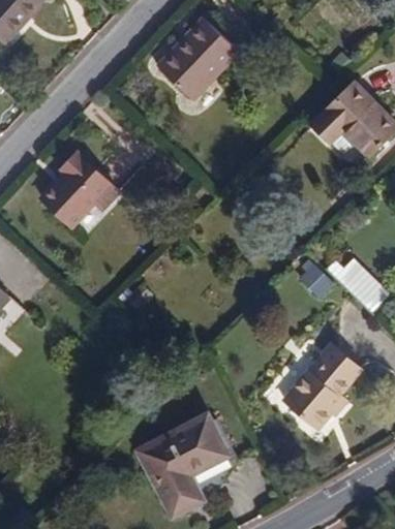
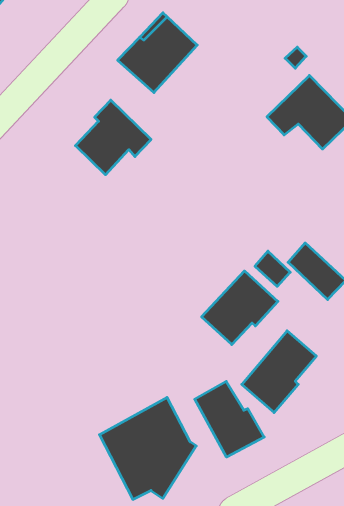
building: [40,151,118,227] -> [75,100,151,175]
building: none -> [202,271,278,345]
building: none -> [195,381,264,457]

